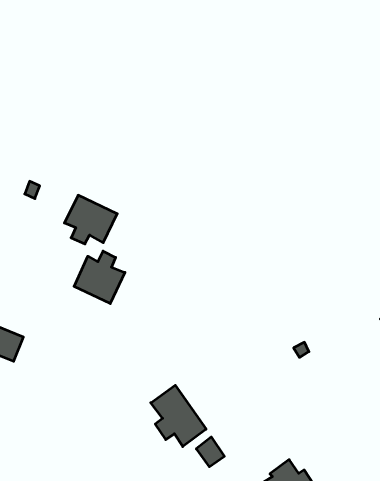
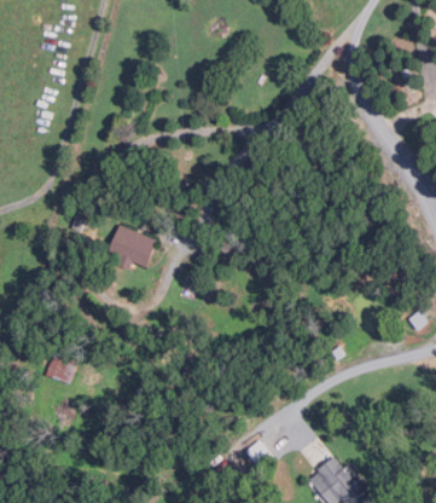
building: [74,251,125,304] -> none
building: [151,385,206,447] -> none

